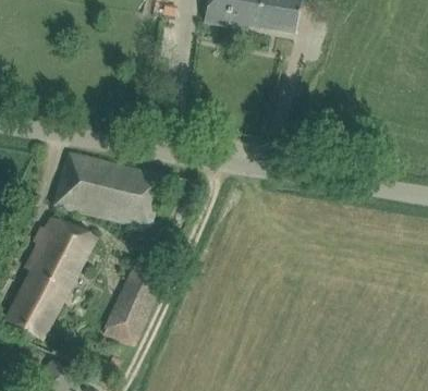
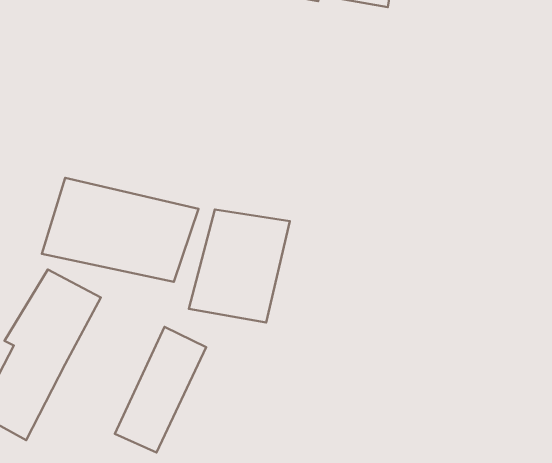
building: none -> [189,210,290,323]

